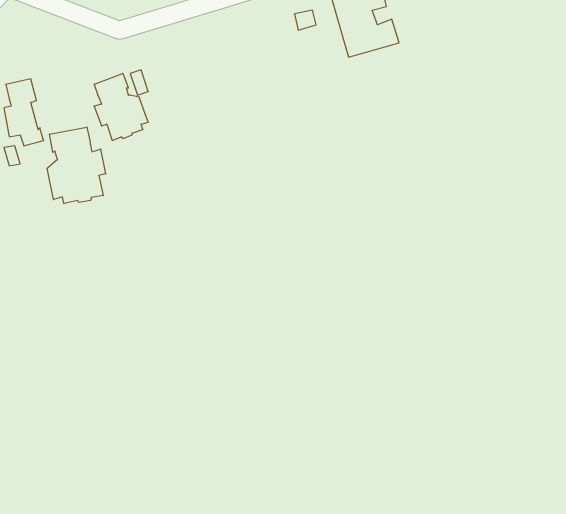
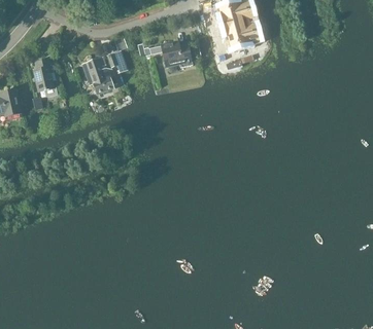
building: none -> [162,41,193,68]
building: [47,127,106,204] -> none

